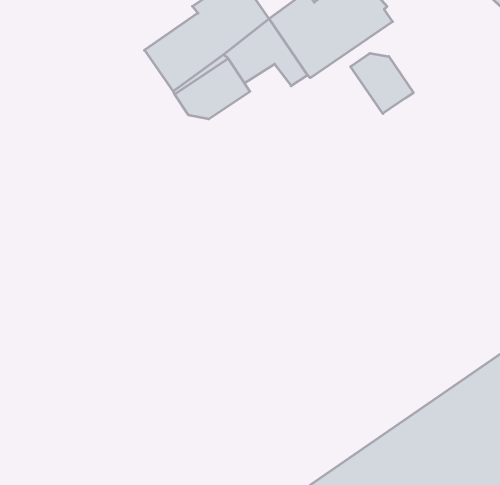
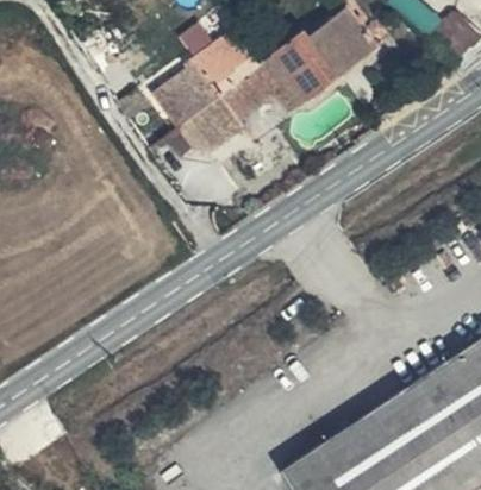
building: [351,53,413,114] -> none

